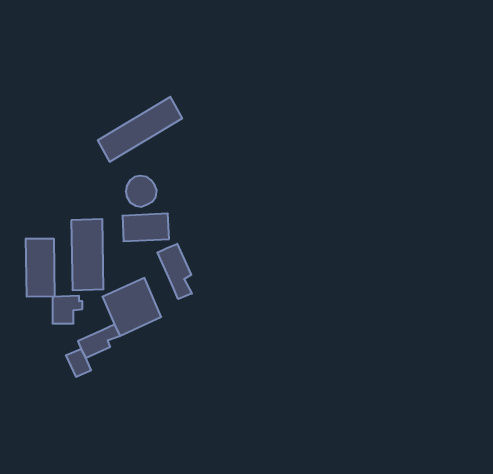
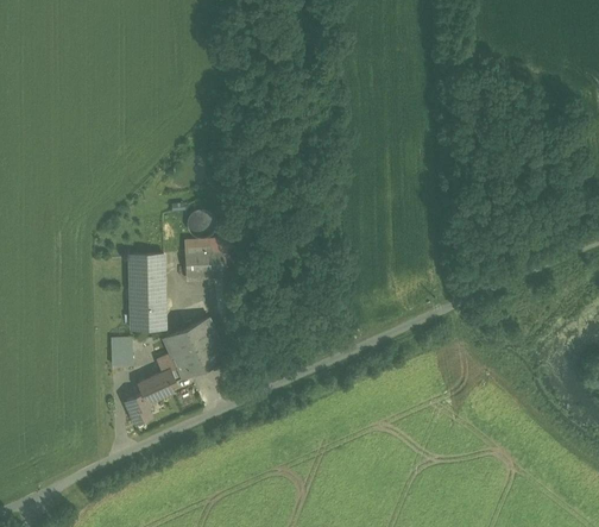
building: [98,97,182,162] -> none
building: [26,238,55,297] -> none
building: [157,244,192,299] -> none

